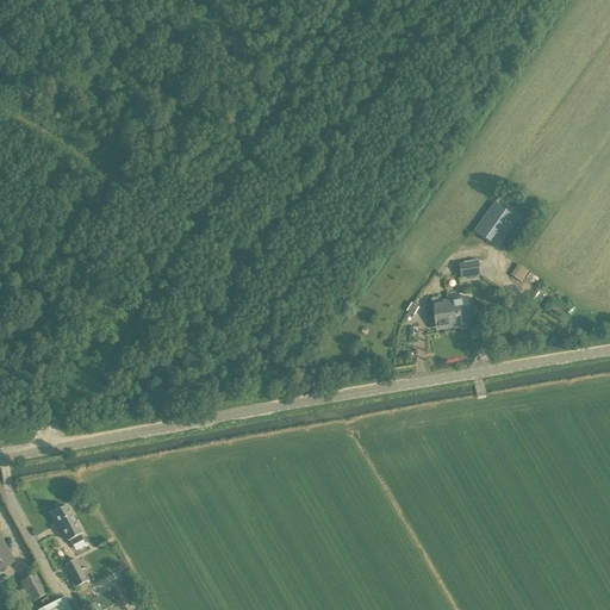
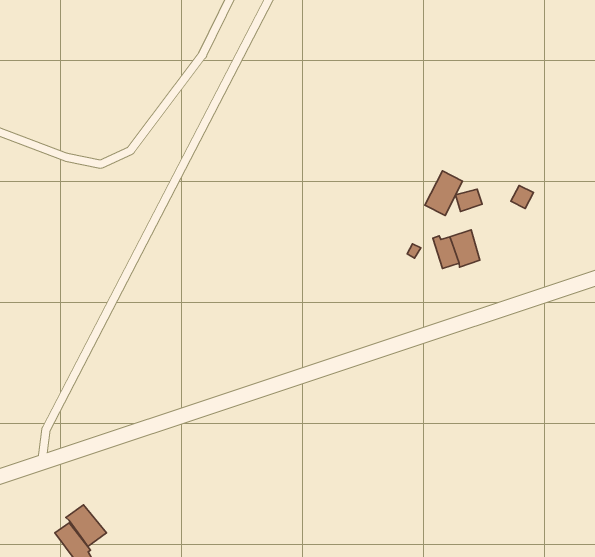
building: [473,201,510,242] -> [425,171,463,216]
building: none -> [66,505,106,547]

